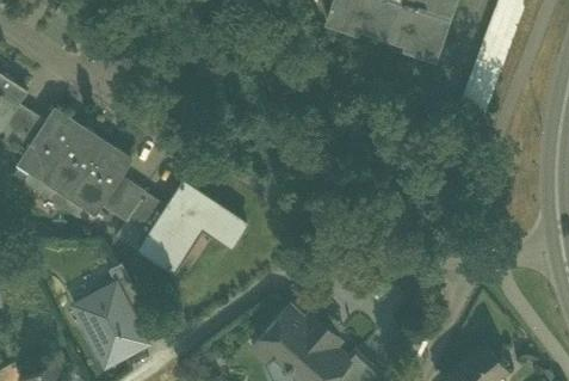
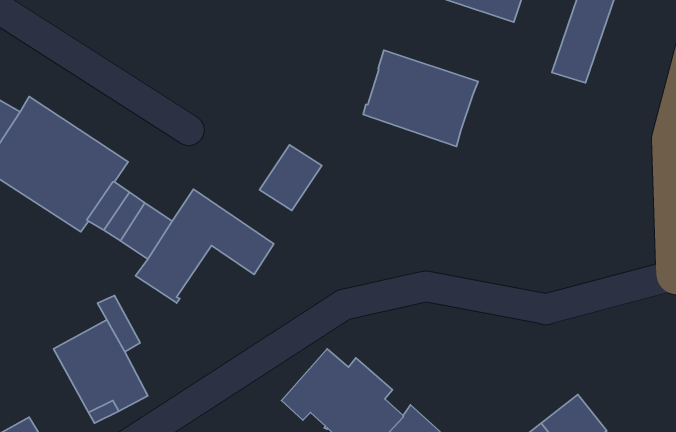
building: none -> [363,50,478,146]
building: none -> [259,145,322,210]

